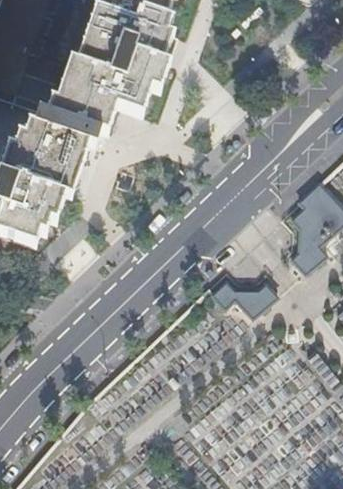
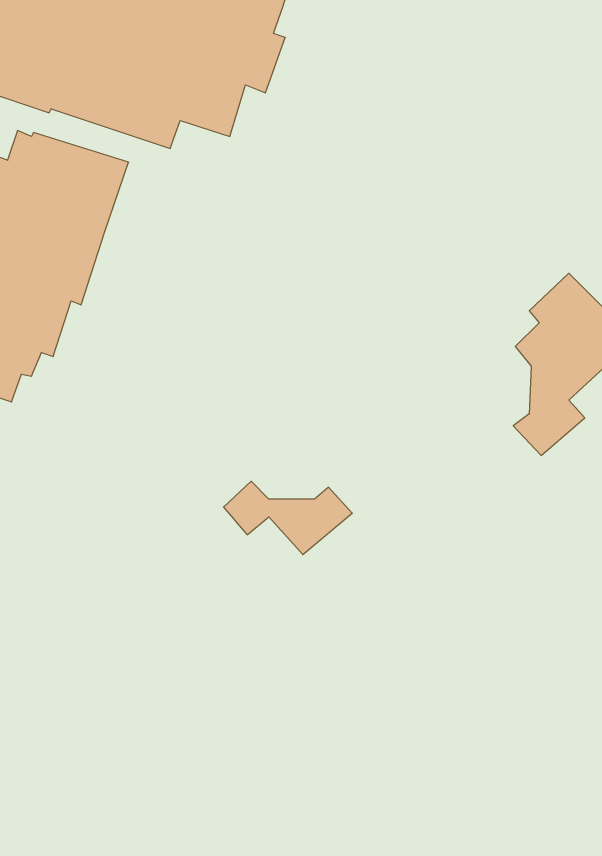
building: [209,276,274,313] -> [223,481,352,555]

